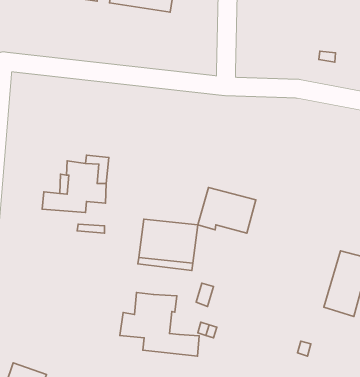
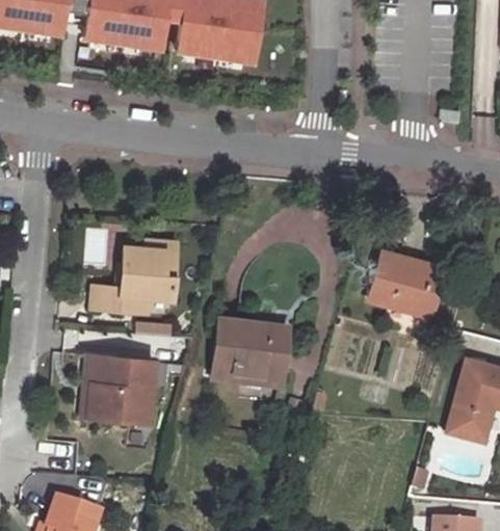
building: [198,188,256,233] -> [370,253,443,310]
building: none -> [87,356,155,422]
building: [120,293,199,356] -> none

